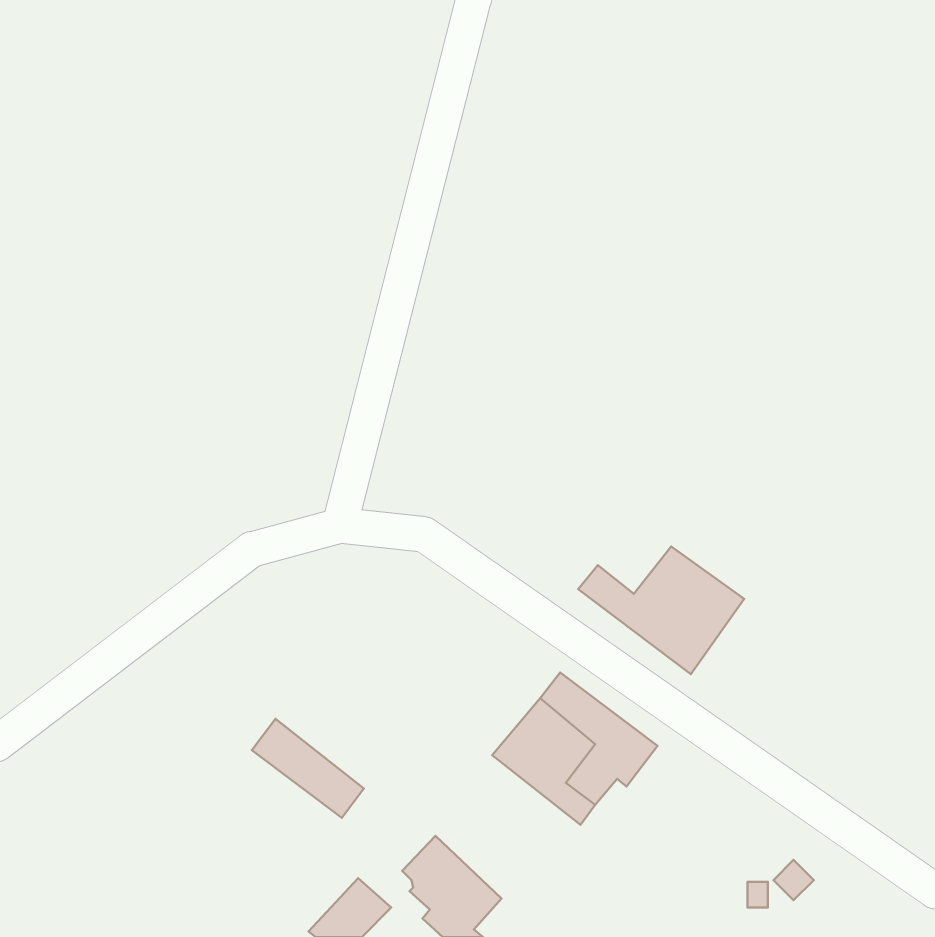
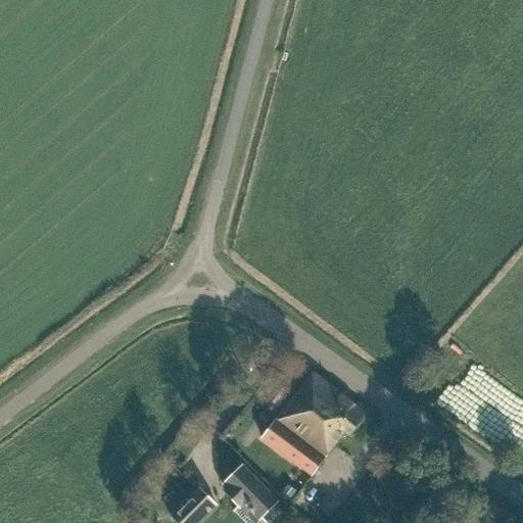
building: [578,546,744,674] -> none
building: [252,719,364,818] -> [260,420,323,475]

